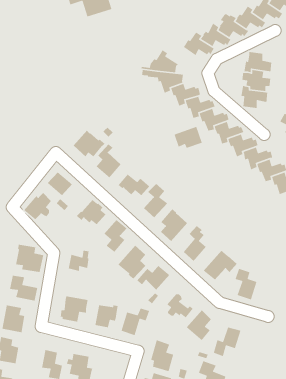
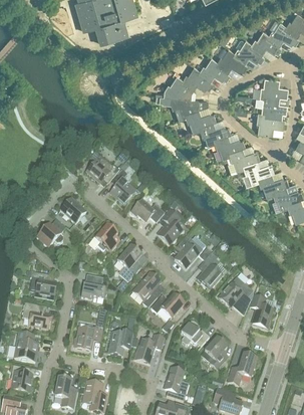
building: none -> [181,67,213,91]
building: [173,126,203,149] -> none

